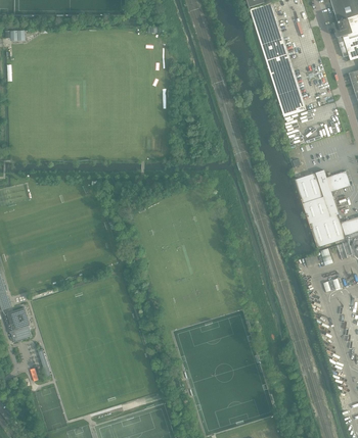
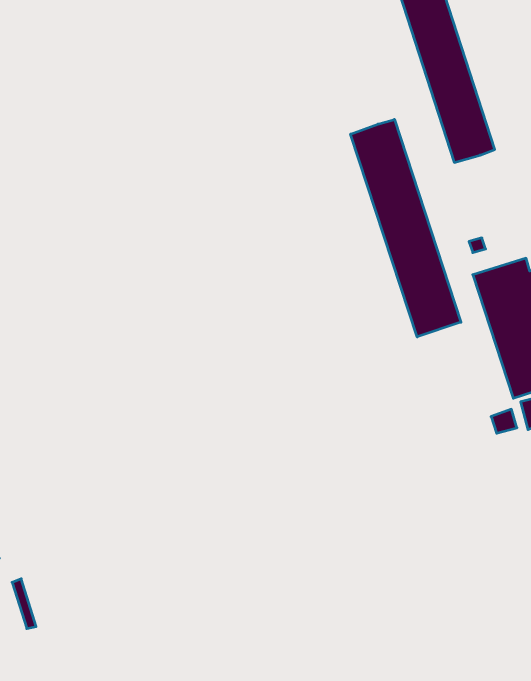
building: none -> [351,119,461,337]

